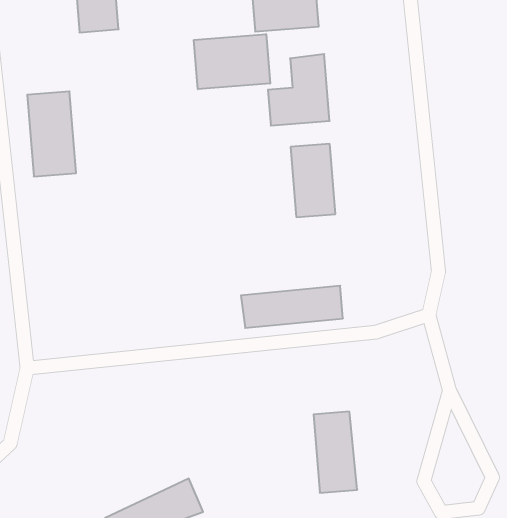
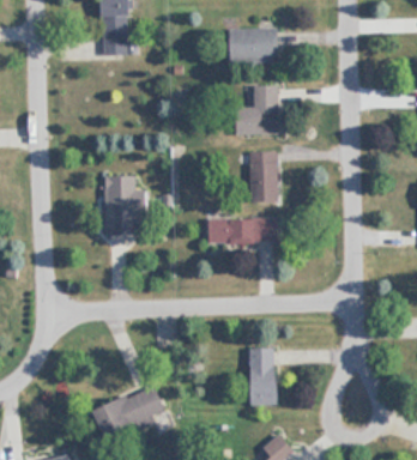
building: [194,34,270,89] -> none
building: [27,91,76,176] -> [103,175,134,235]
building: [241,286,343,328] -> [205,217,278,242]

